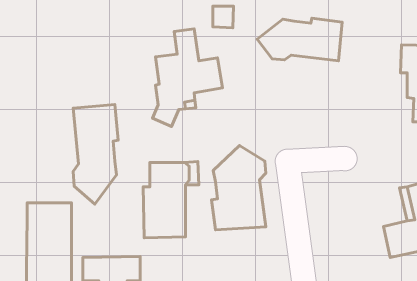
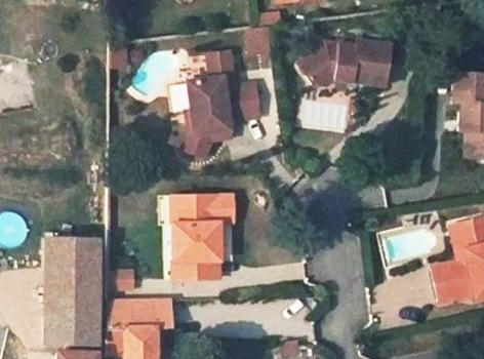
building: [73,105,118,204] -> none
building: [211,146,266,230] -> none

